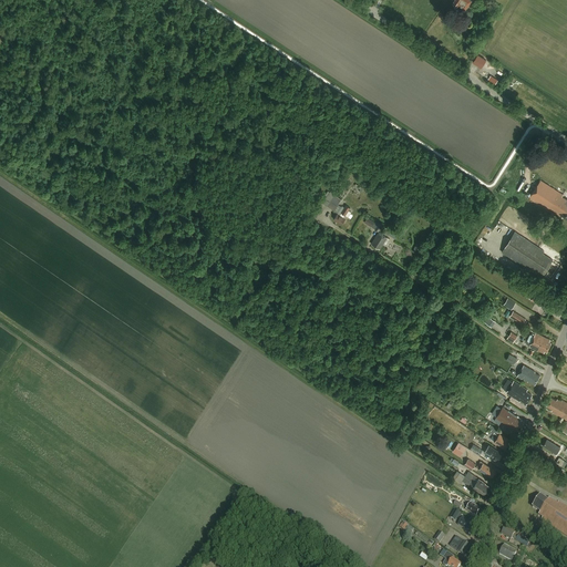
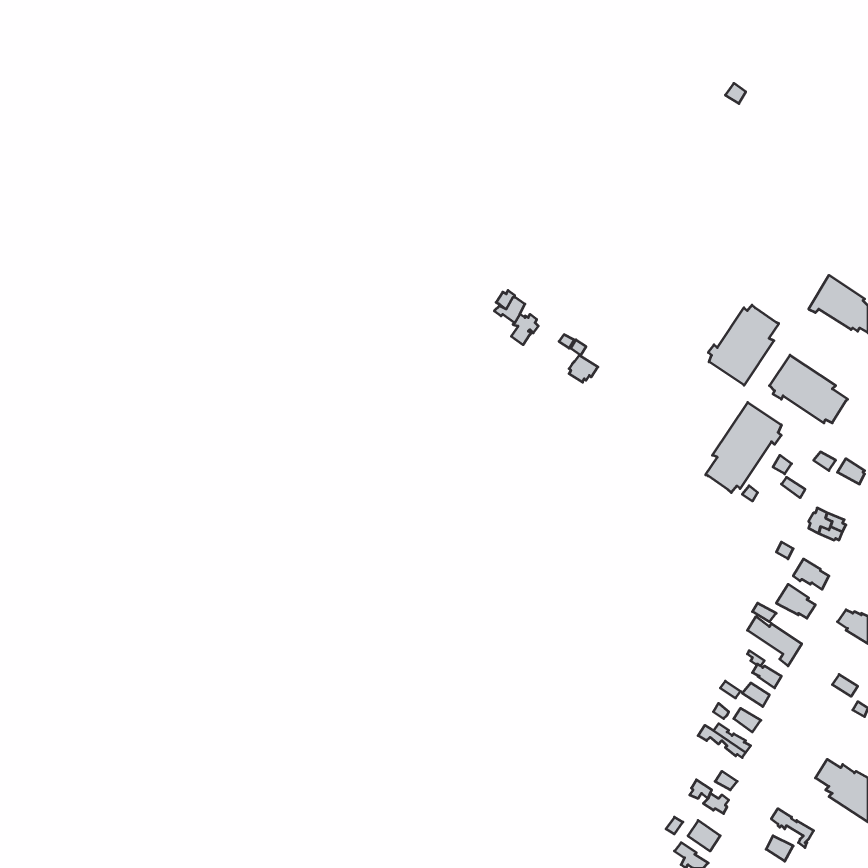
building: none -> [708,305,779,385]
building: none -> [706,402,781,493]

